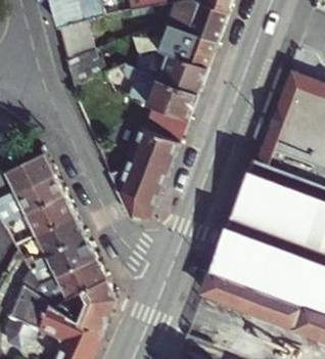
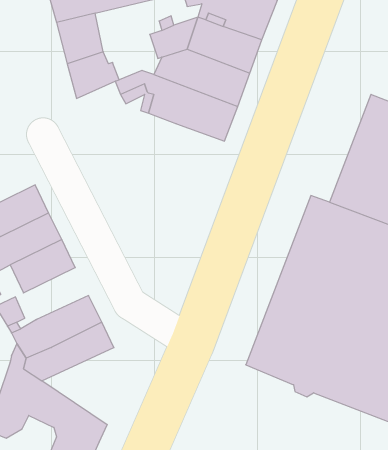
building: [111,103,188,221] -> none
building: [34,214,84,254] -> none
building: [48,275,114,334] -> none

